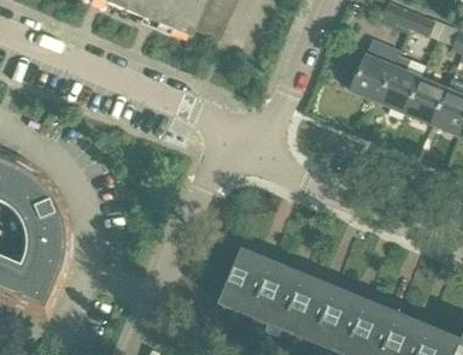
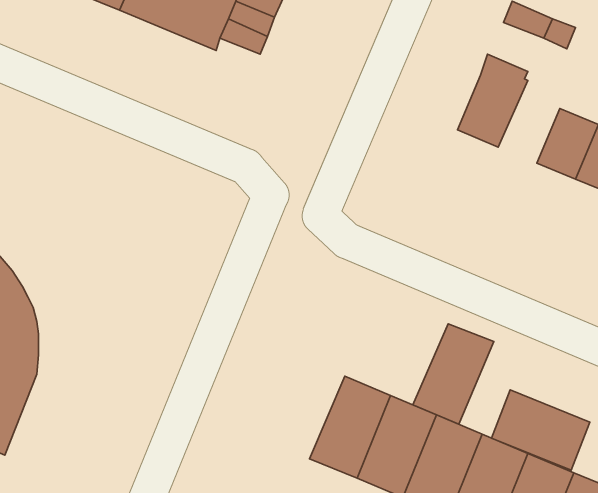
building: [381,57,427,113] -> none
building: [221,247,276,315] -> [413,324,494,424]
building: none -> [491,390,590,470]

